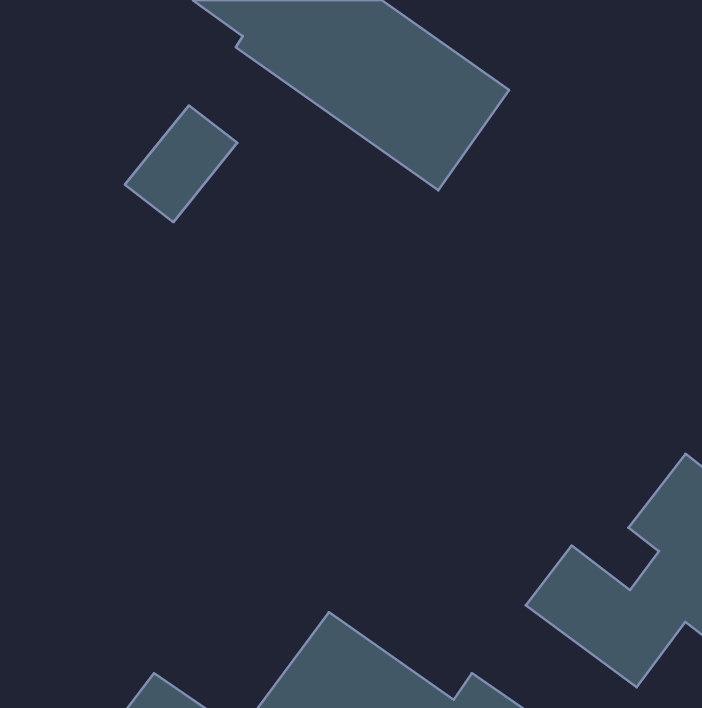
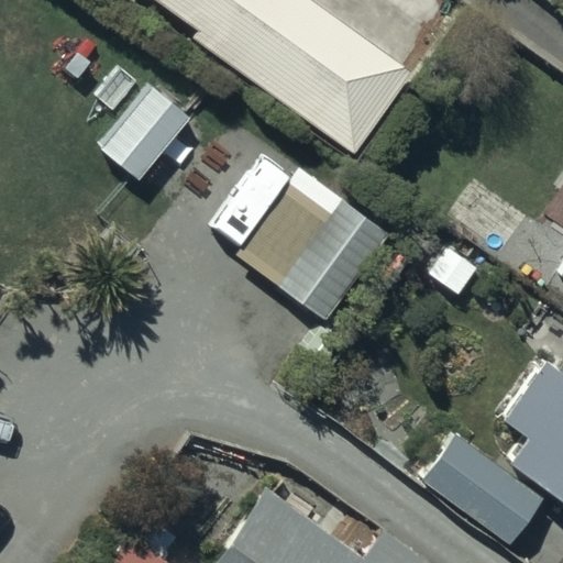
building: none -> [236,168,390,321]

